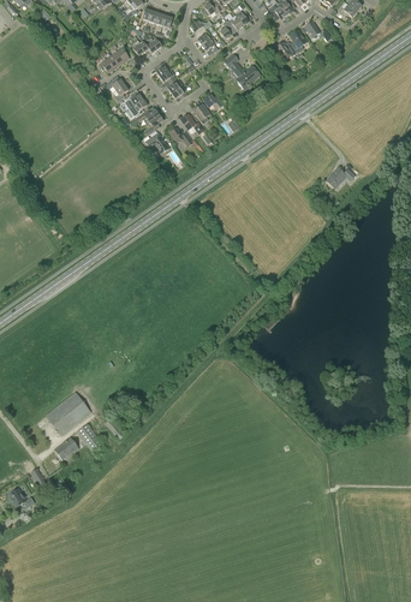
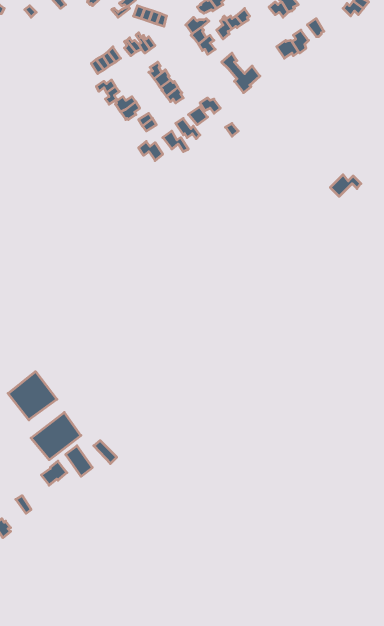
building: none -> [8,372,57,420]

